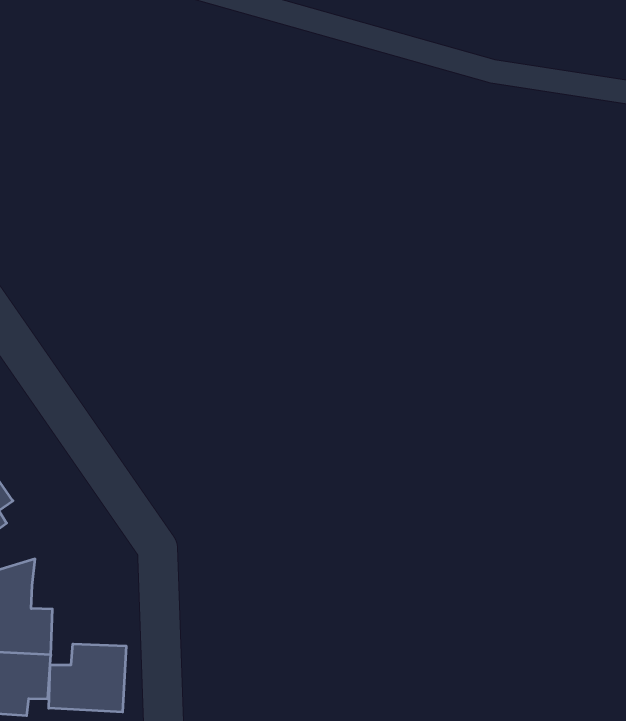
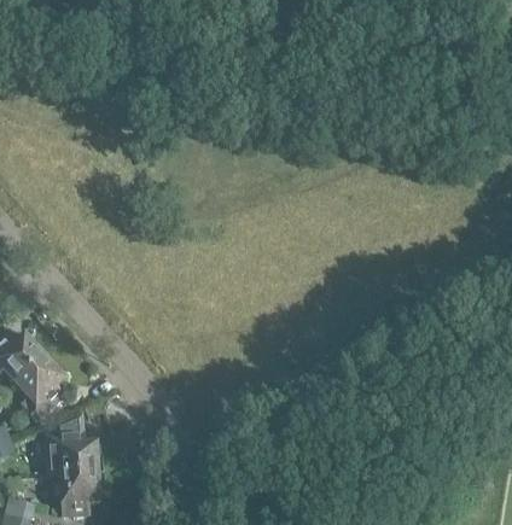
building: [49,644,126,712] -> none

